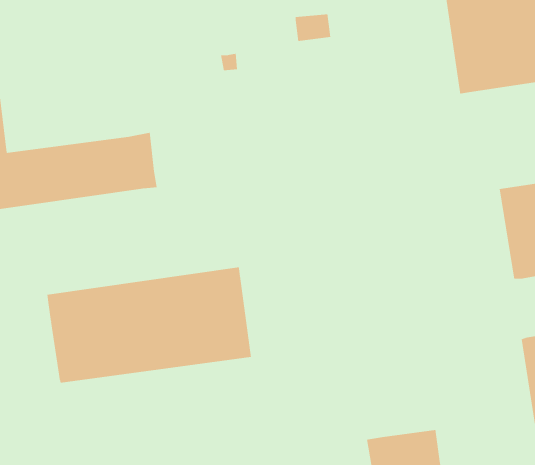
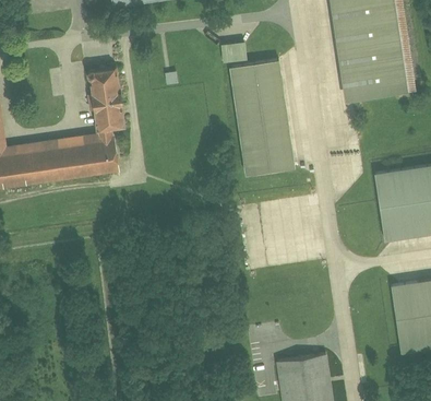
building: none -> [230,61,296,176]
building: none -> [87,69,127,134]
building: [47,266,252,383] -> none

